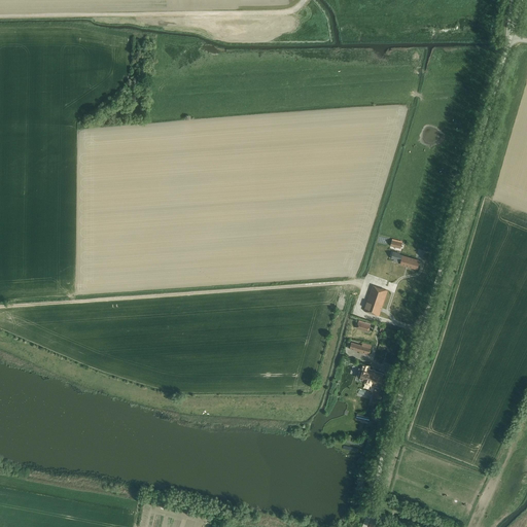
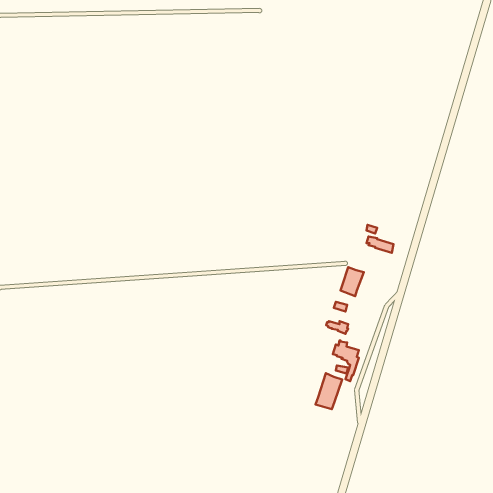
building: none -> [315,373,342,409]

